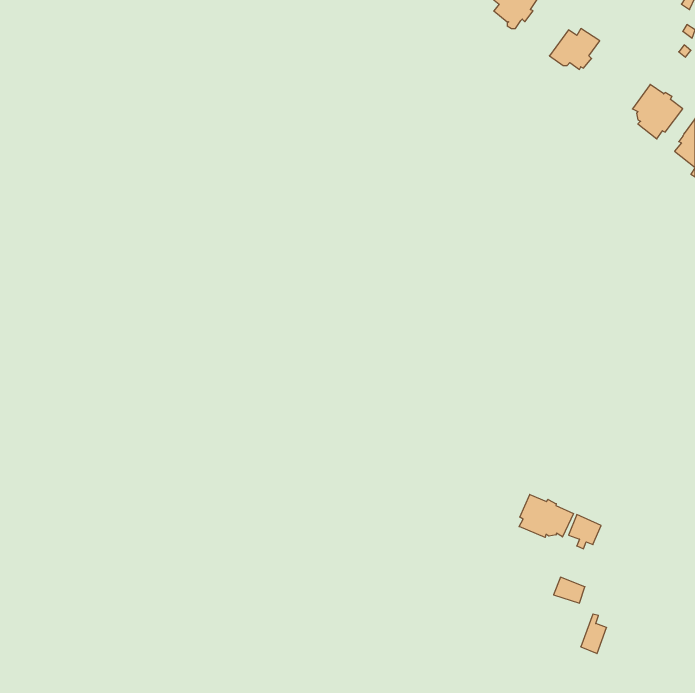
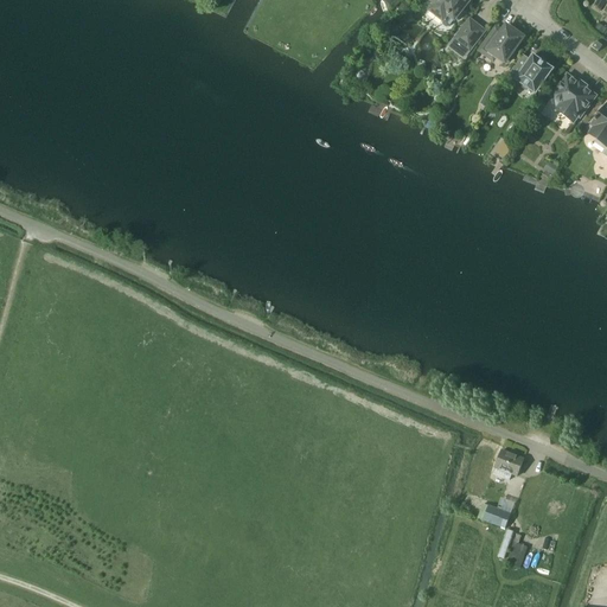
building: none -> [448,19,484,57]
building: none -> [506,53,554,92]
building: [519,494,574,537] -> none

